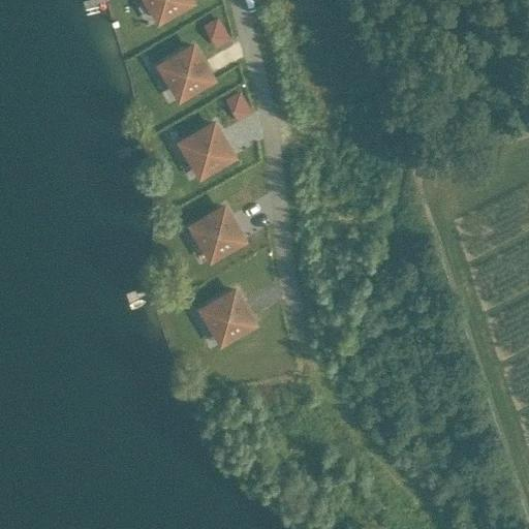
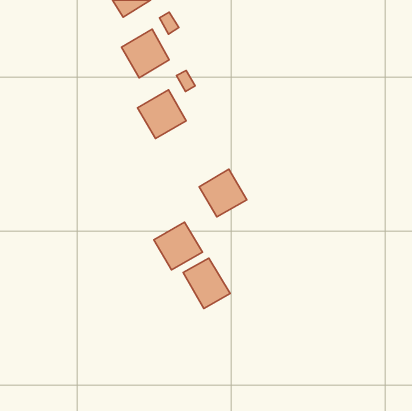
building: [186,203,247,263] -> [199,169,247,217]
building: none -> [183,258,230,309]

